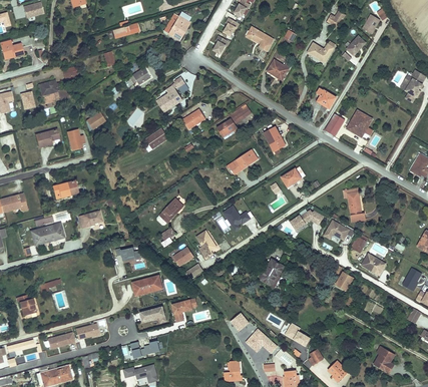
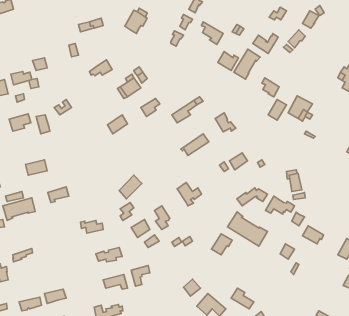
building: none -> [234,49,260,79]
building: none -> [227,212,267,246]

